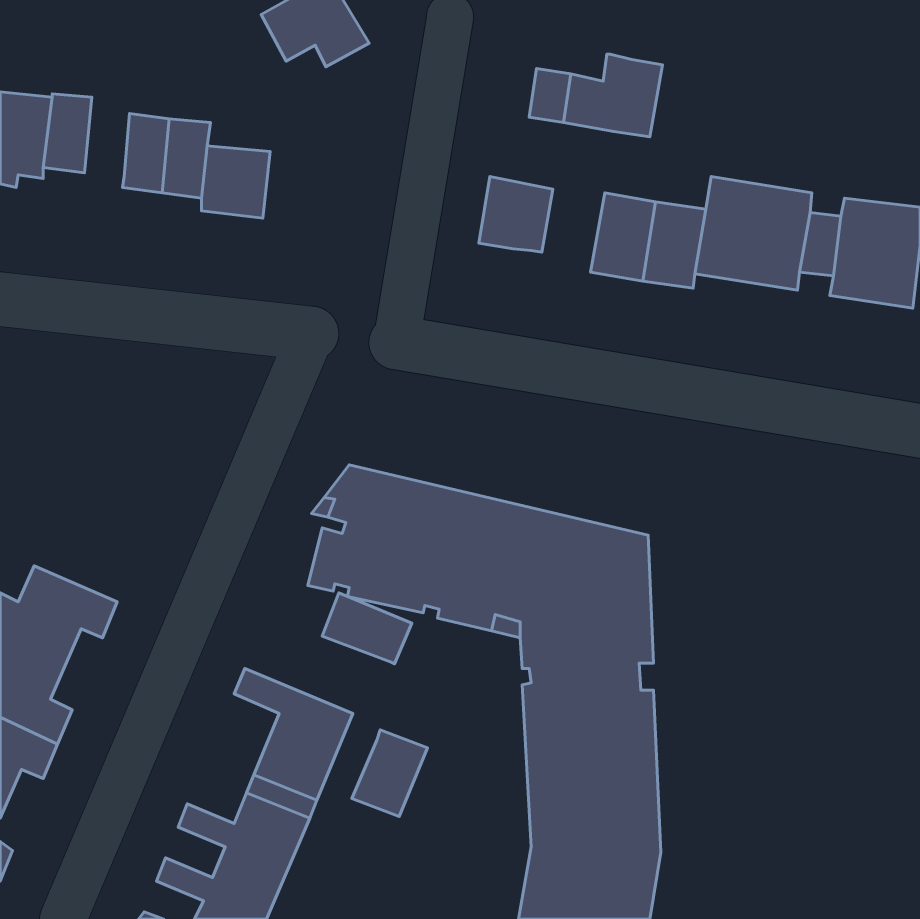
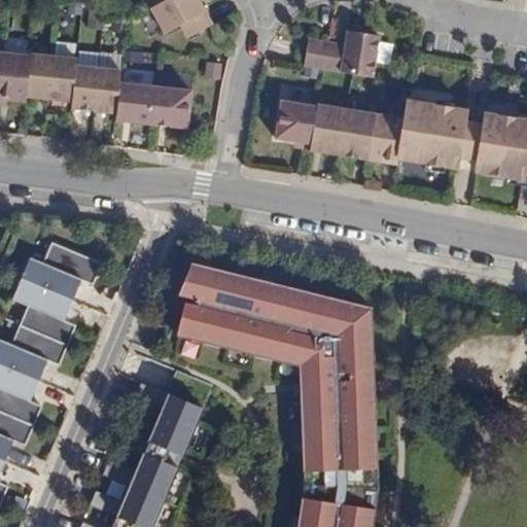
building: none -> [48,56,75,101]
building: none -> [150,86,189,129]
building: none -> [309,105,346,155]
building: none -> [11,242,101,344]
building: [322,593,412,664] -> none
building: [352,730,428,817] -> none

